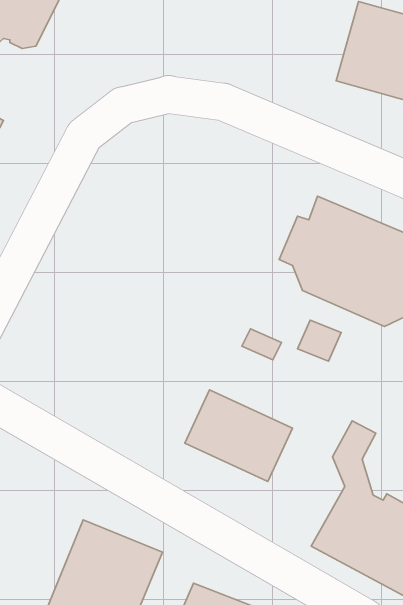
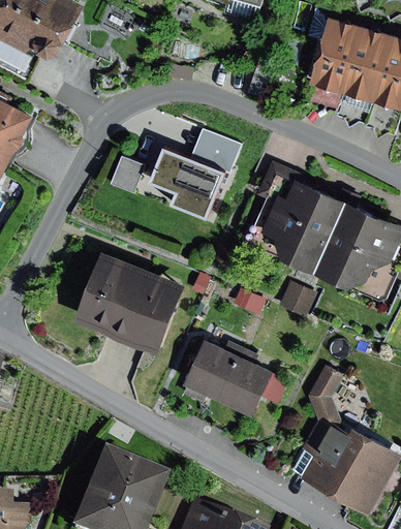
building: none -> [150,132,240,220]
building: none -> [109,157,145,195]
building: none -> [74,252,186,354]

